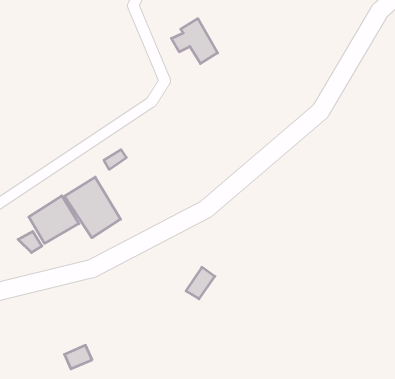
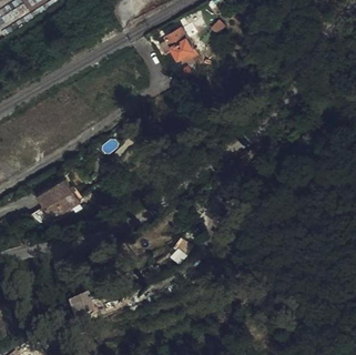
building: [65,177,121,238] -> none

